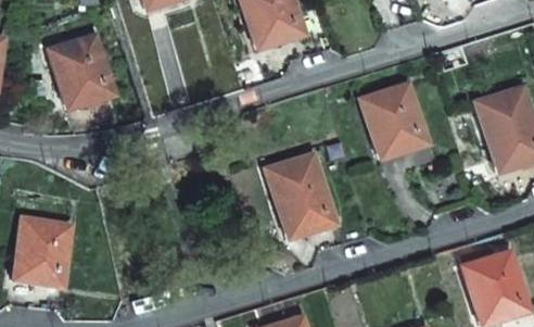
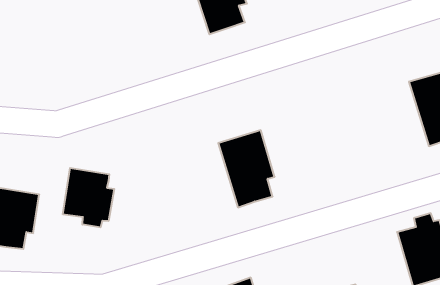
building: [50,37,109,110] -> none
building: [361,86,421,160] -> none
building: none -> [63,168,114,227]

